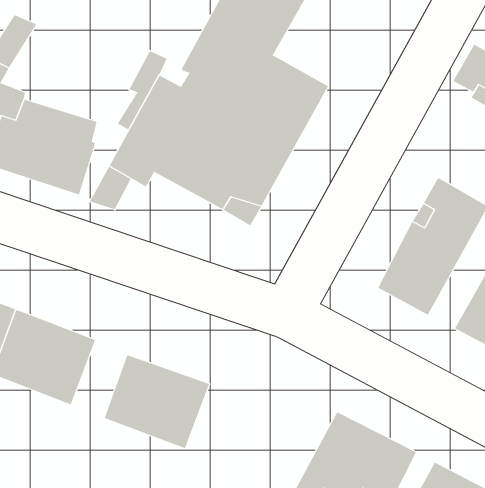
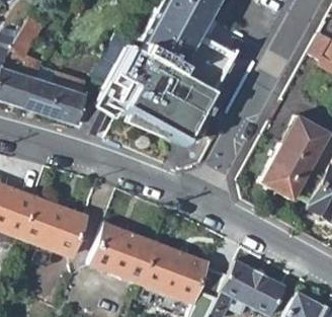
building: none -> [143,243,208,302]

